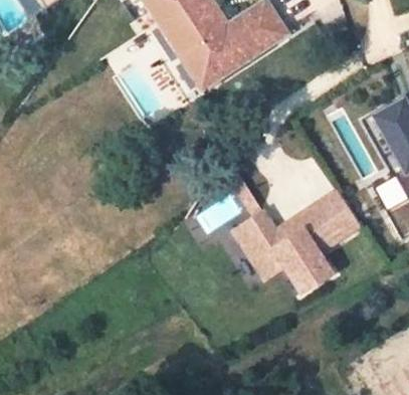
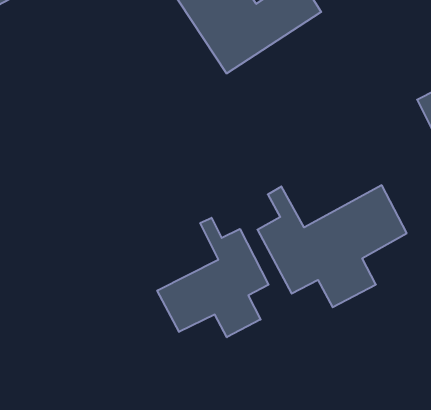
building: none -> [157,218,269,337]

